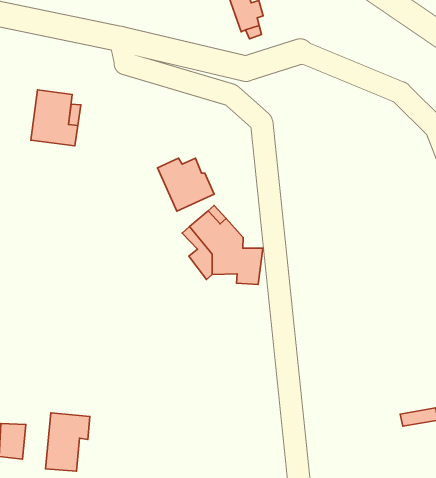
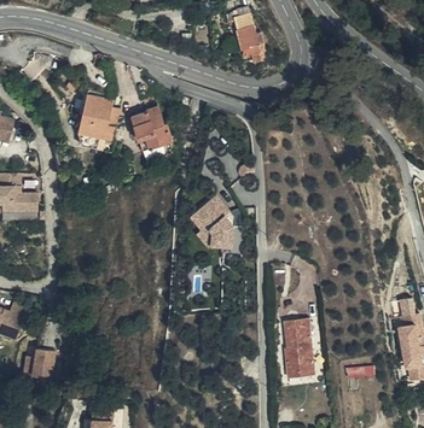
building: [158,158,214,211] -> [130,110,173,151]
building: none -> [283,323,313,380]
building: [45,413,90,471] -> none

